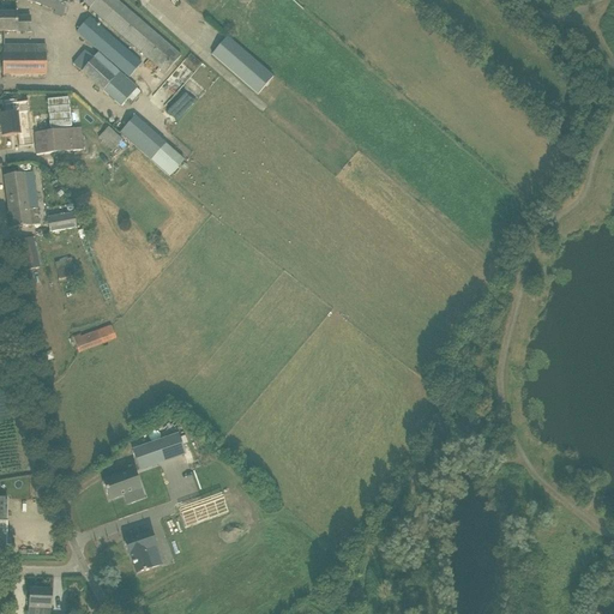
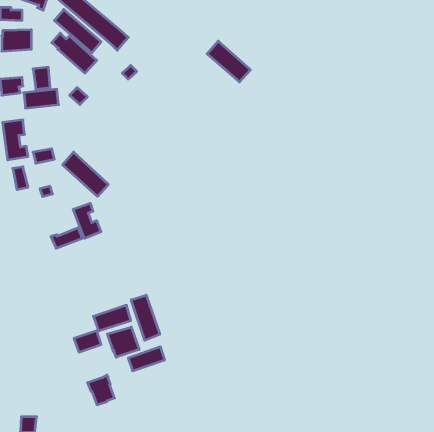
building: [212,34,273,91] -> [207,41,250,82]
building: [120,112,185,174] -> [63,152,108,196]
building: none -> [73,203,101,238]
building: none -> [131,295,160,340]
building: none -> [107,327,139,357]

